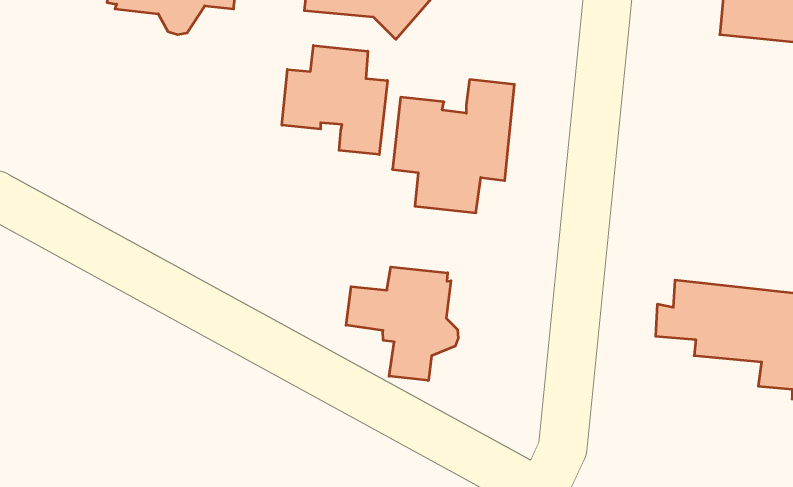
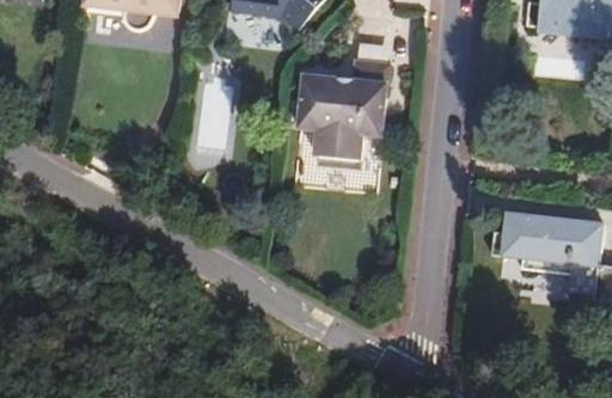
building: [282,45,387,155] -> none
building: [346,267,458,381] -> none

